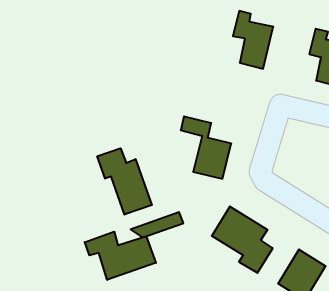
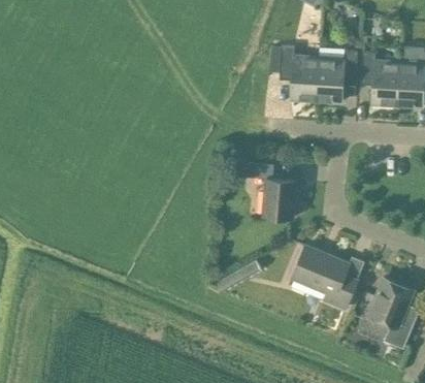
building: none -> [316,47,357,101]
building: [97,148,152,215] -> none
building: [85,232,156,280] -> none

